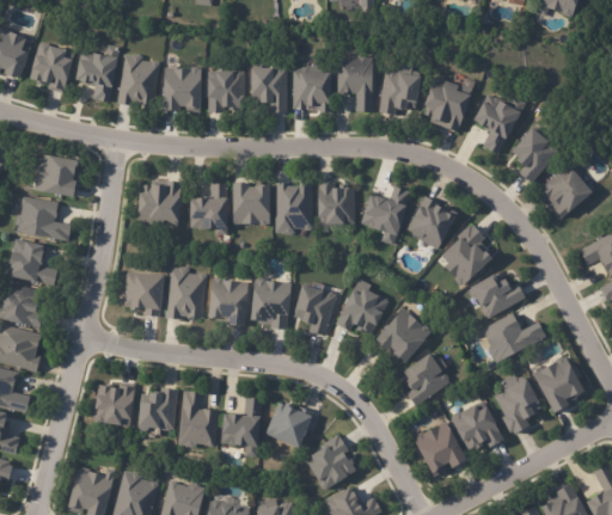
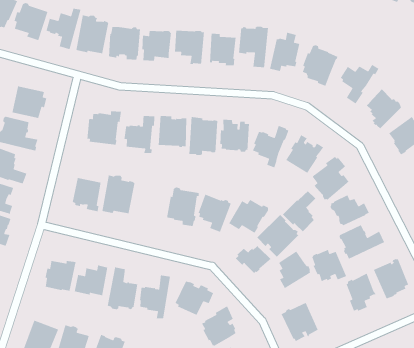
building: none -> [282,190,316,232]
building: [206,277,246,326] -> none
building: none -> [235,244,271,274]
building: [453,404,503,449] -> [311,249,347,282]

